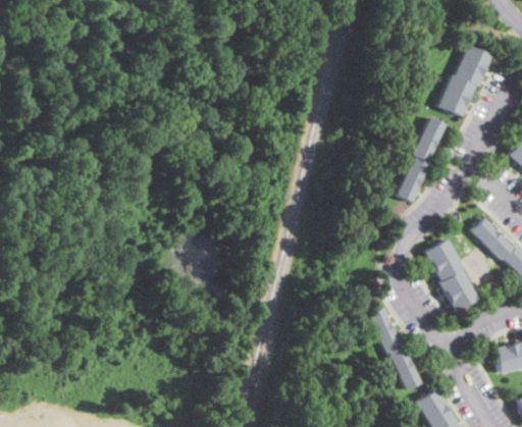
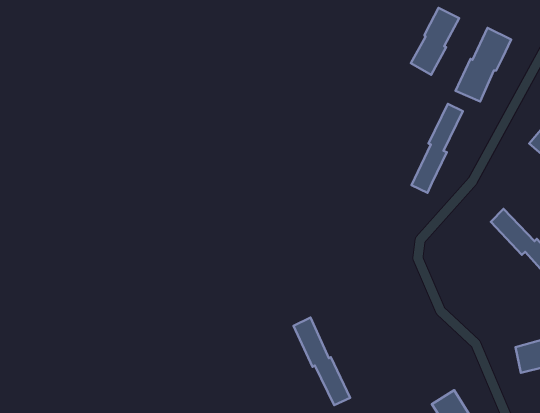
building: none -> [411,8,459,75]
building: [425,239,479,312] -> none
building: [368,308,422,391] -> [293,317,350,405]

